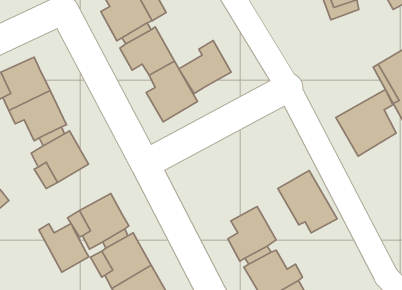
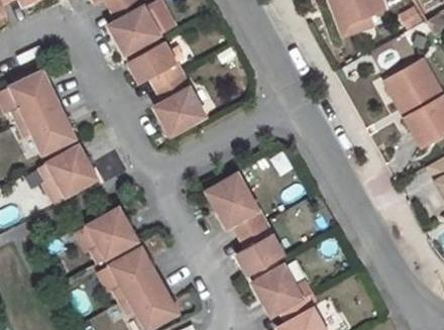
building: [179,40,231,93] -> none
building: [336,90,396,156] -> none
building: [278,170,337,233] -> [206,172,265,234]
building: [39,223,89,272] -> none

